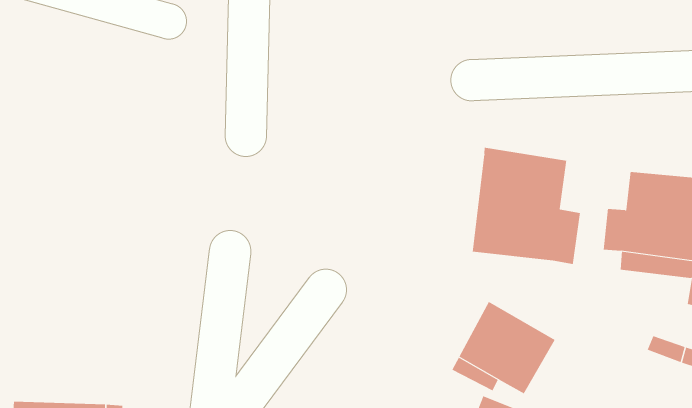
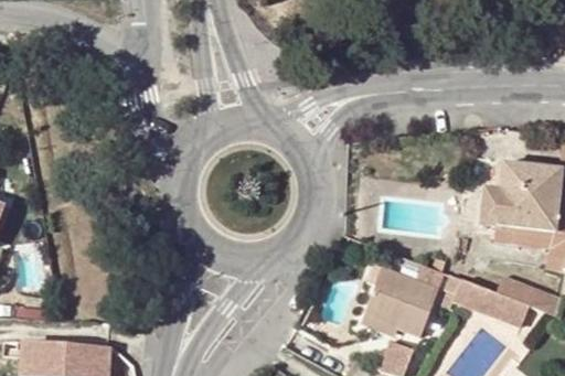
building: [472,147,581,265] -> none
building: none -> [457,280,508,318]

